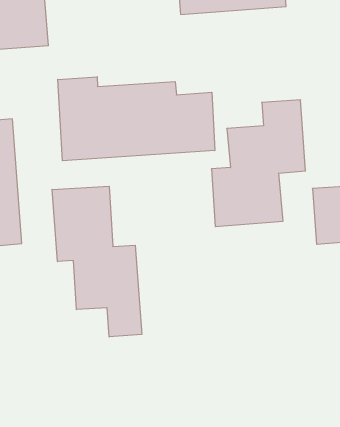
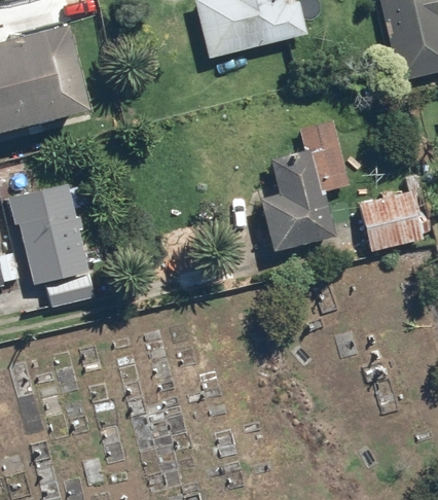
building: [58,77,215,161] -> none
building: [52,186,142,337] -> none

